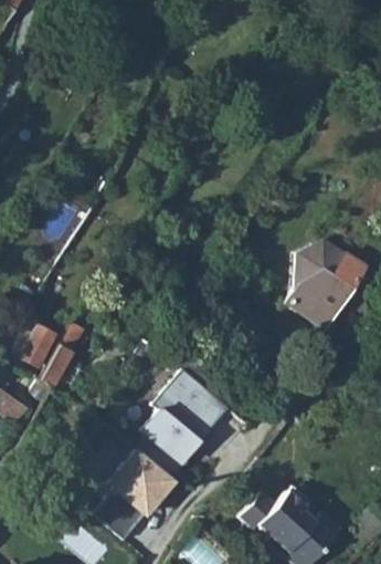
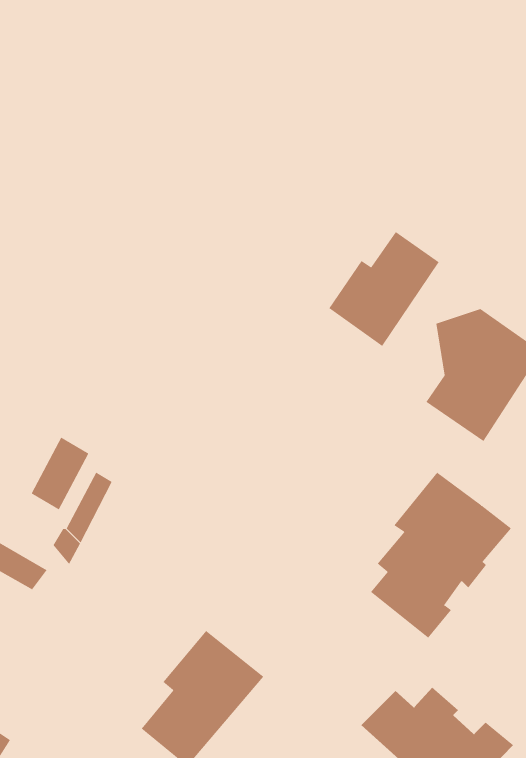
building: none -> [329,231,439,347]
building: [138,370,232,481] -> [370,472,512,639]

